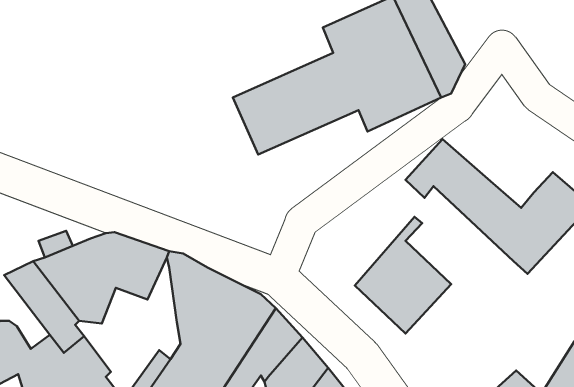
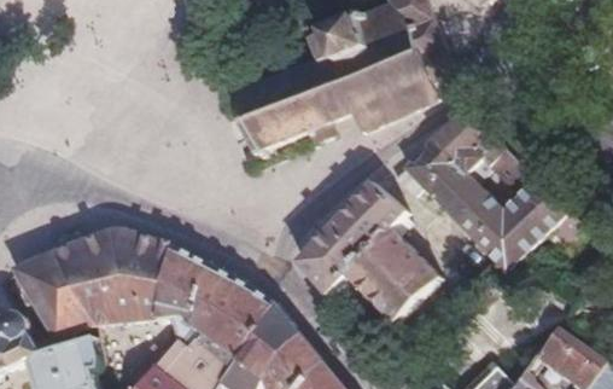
building: none -> [430,111,535,192]
building: none -> [299,185,404,300]
building: none -> [106,254,177,317]

